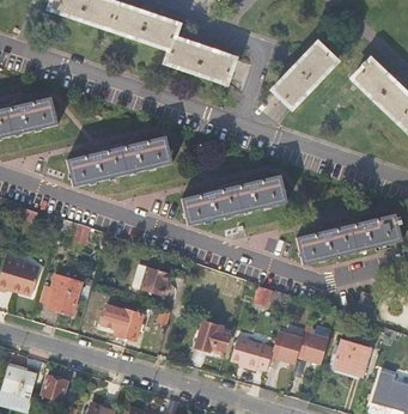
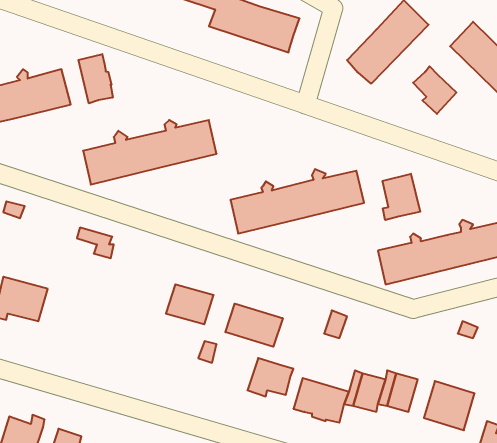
building: none -> [78,54,113,103]
building: none -> [413,66,456,114]
building: none -> [383,174,420,220]
building: [39,274,80,313] -> none
building: none -> [225,304,283,347]
building: [101,305,144,340] -> none

